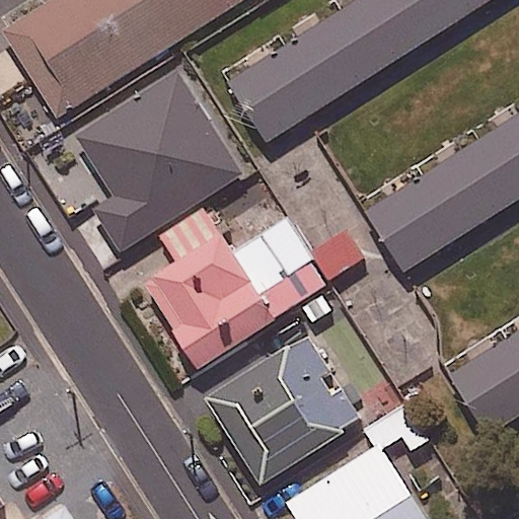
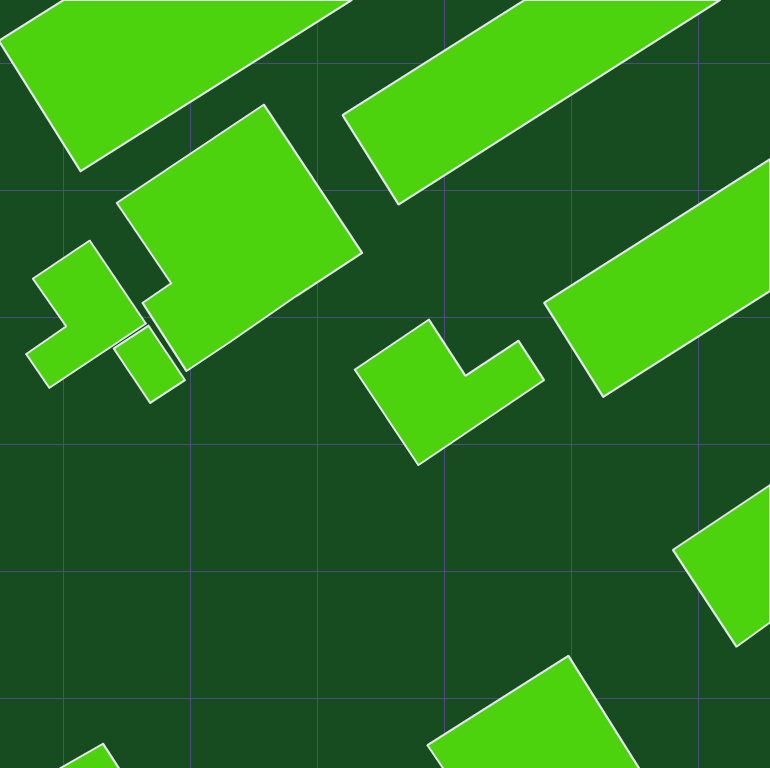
building: none -> [26,241,146,388]
building: [145,207,280,368] -> none
building: [208,333,362,483] -> none

